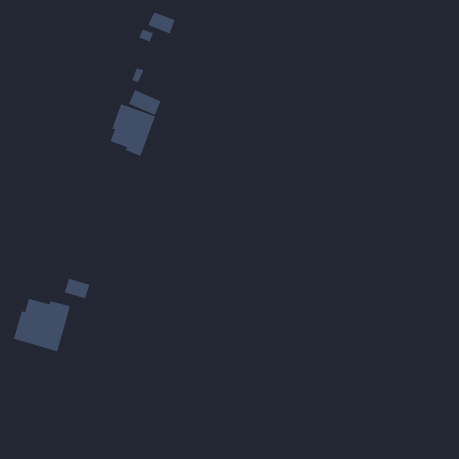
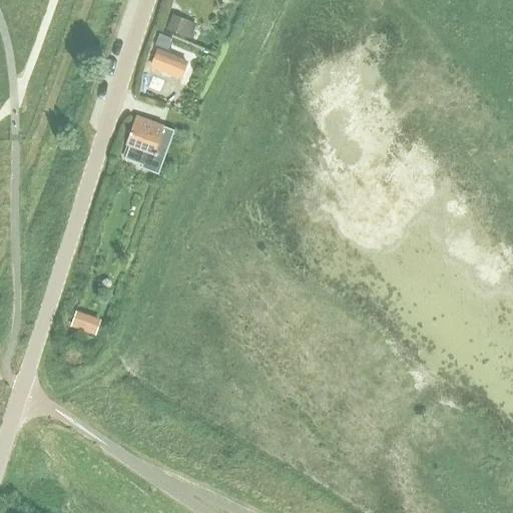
building: [128,90,161,116] -> [151,48,188,77]
building: [13,298,70,352] -> none

